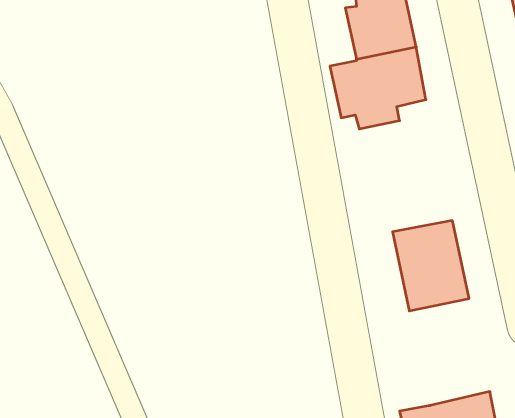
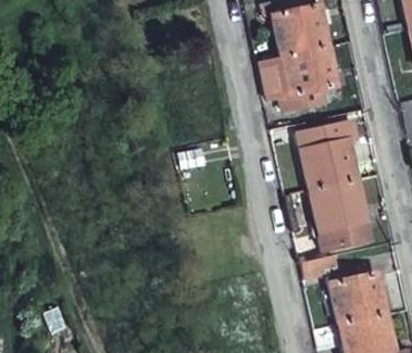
building: none -> [299,123,357,190]
building: none -> [301,254,386,326]

